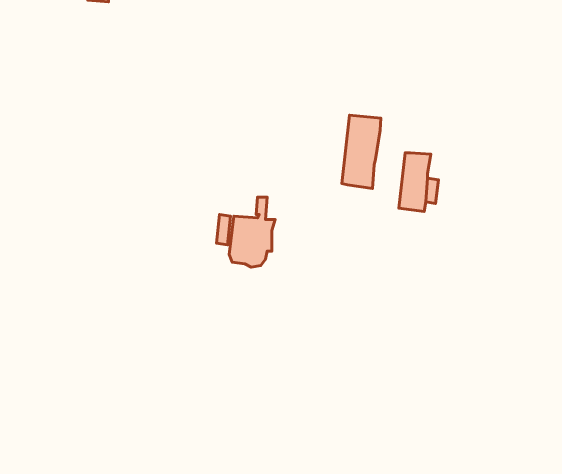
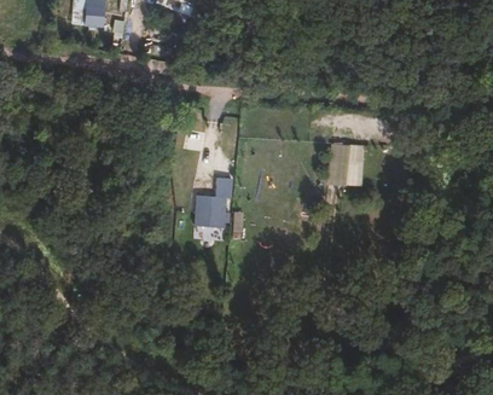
building: [342,115,381,189] -> none

